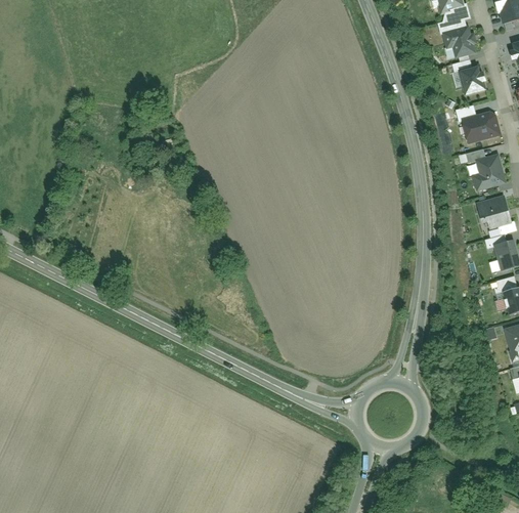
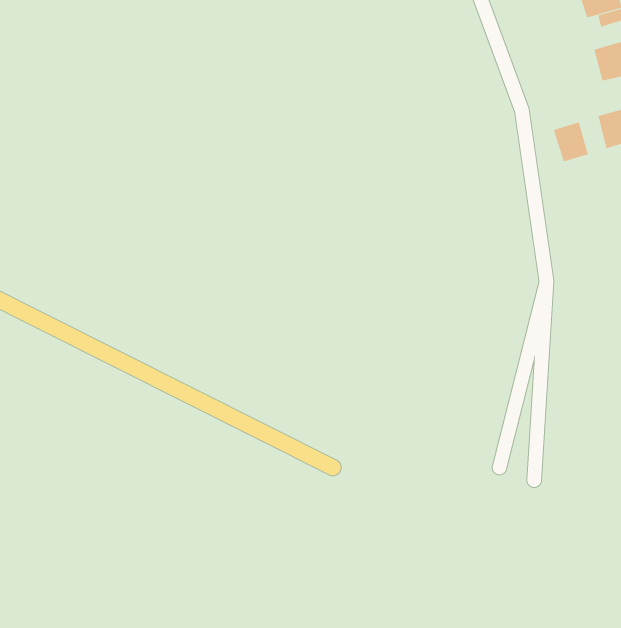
building: none -> [553,121,588,162]

